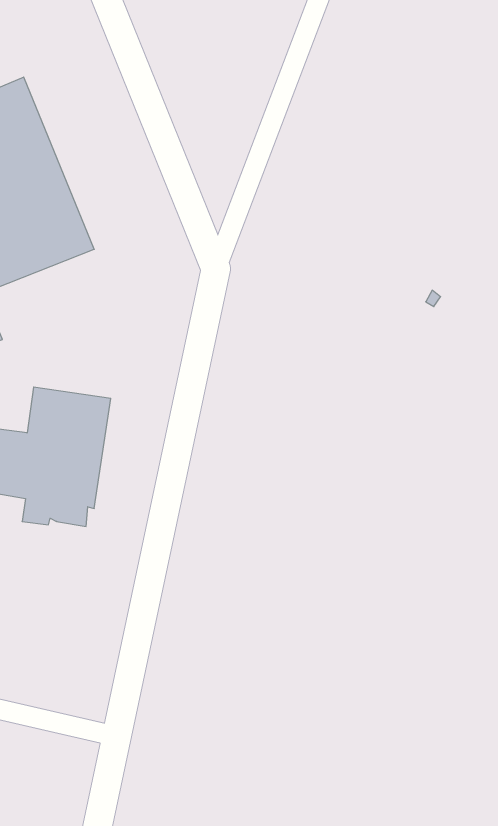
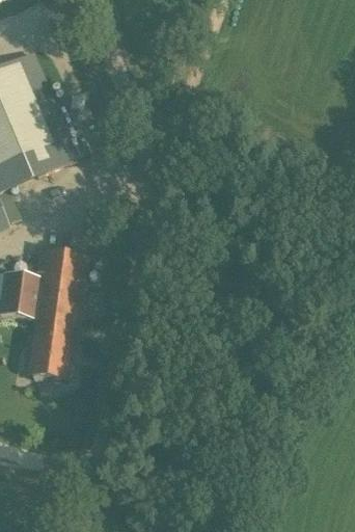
building: none -> [24,331,71,379]

